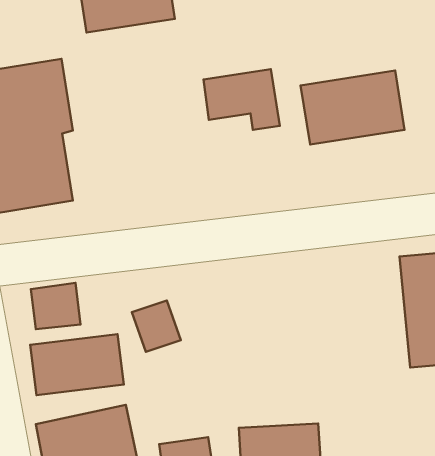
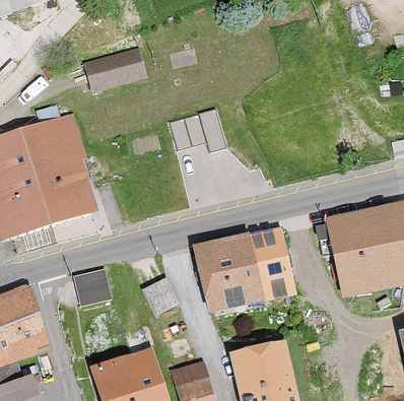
building: [301,71,405,145] -> none
building: none -> [192,226,294,313]
building: [30,334,124,395] -> none

